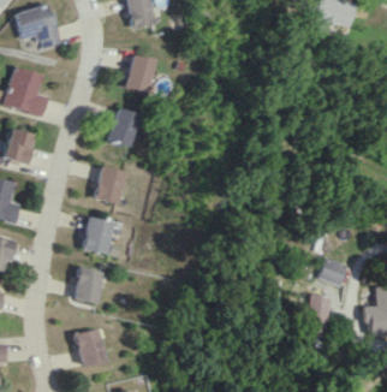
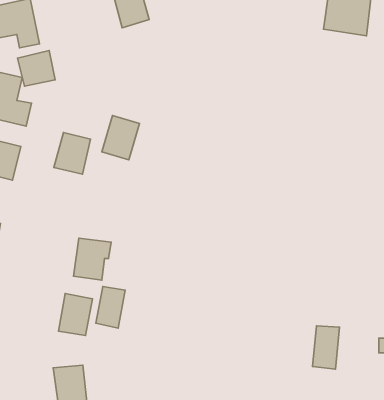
building: none -> [17,50,55,86]
building: [129,54,159,91] -> none
building: [102,166,135,203] -> [54,132,90,174]
building: [316,256,347,286] -> none
building: none -> [96,286,125,328]

